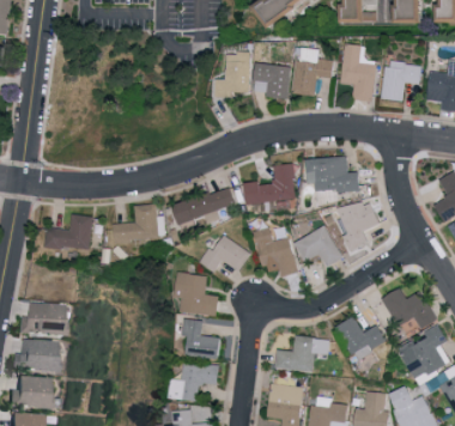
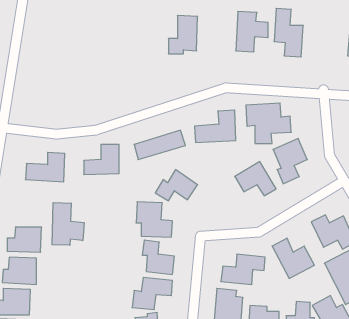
building: [251,61,290,97] -> none
building: [381,61,420,101] -> none
building: [253,226,296,276] -> none
building: none -> [52,203,84,245]

